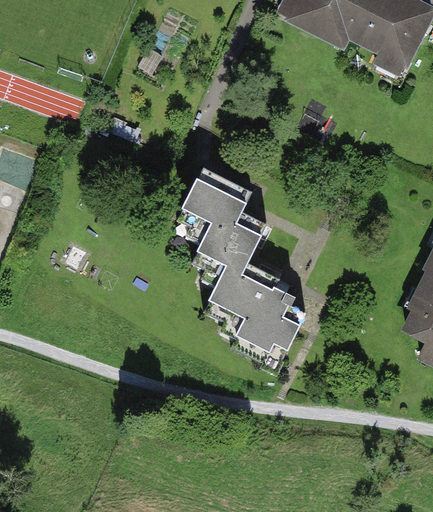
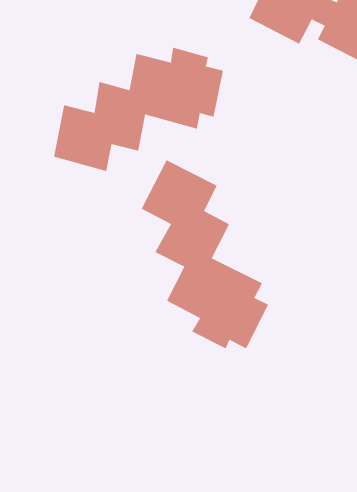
building: none -> [53,47,224,172]

